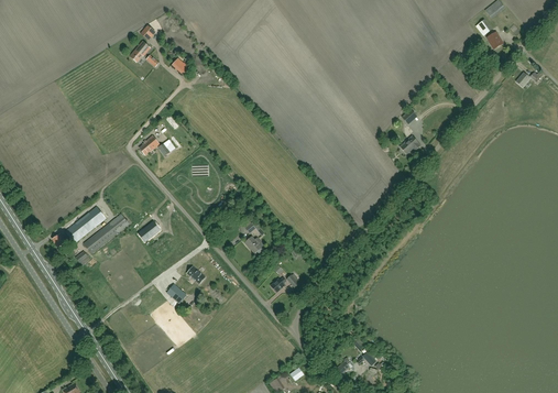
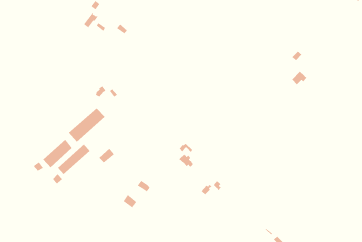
building: none -> [68,108,106,143]

